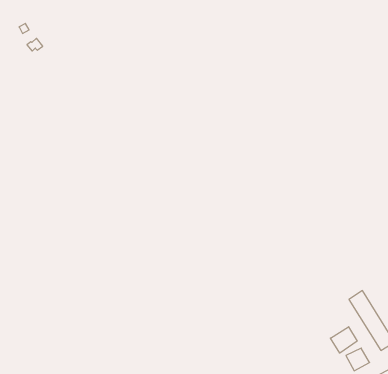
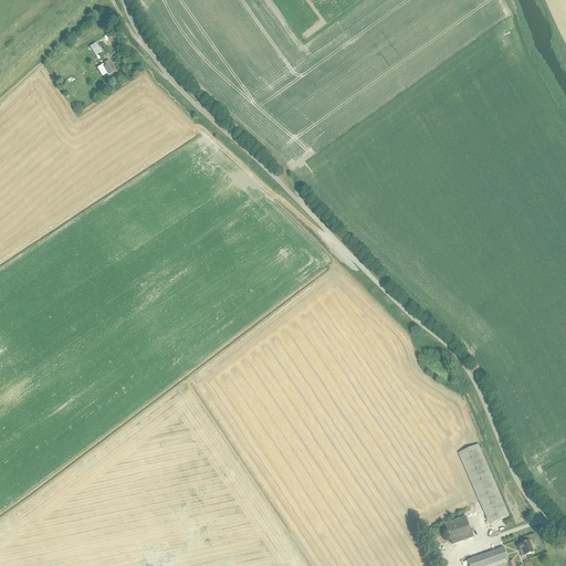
building: [330,327,357,353] -> none

